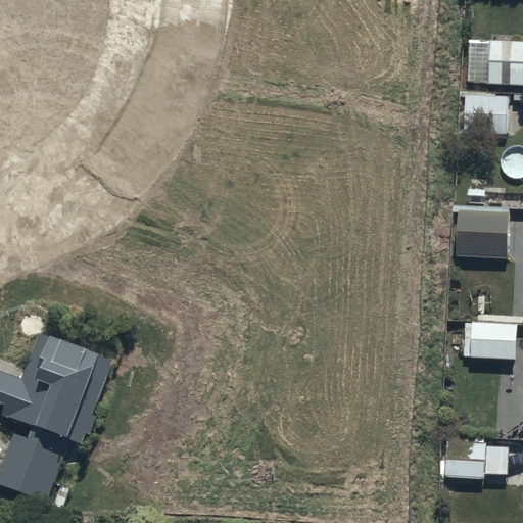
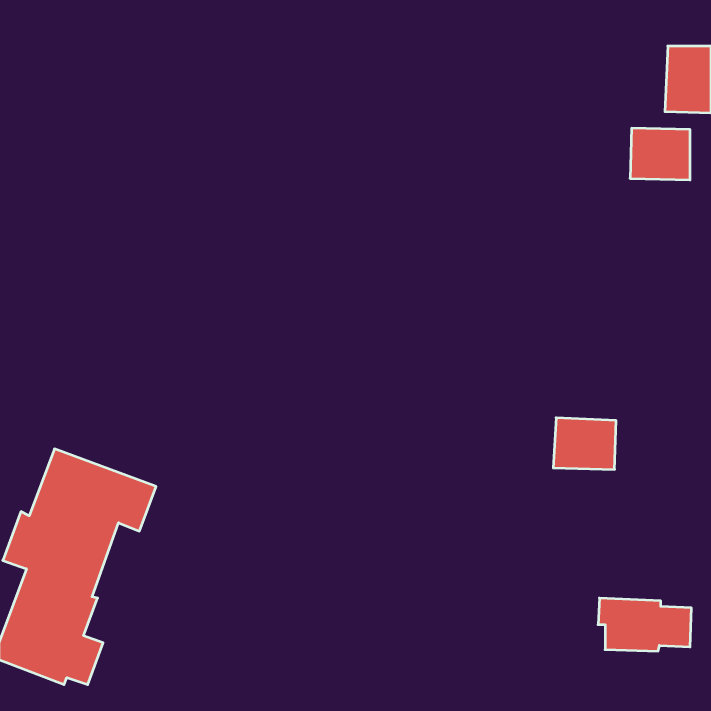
building: [454,209,508,258] -> none
building: [469,321,515,359] -> [553,418,616,469]

